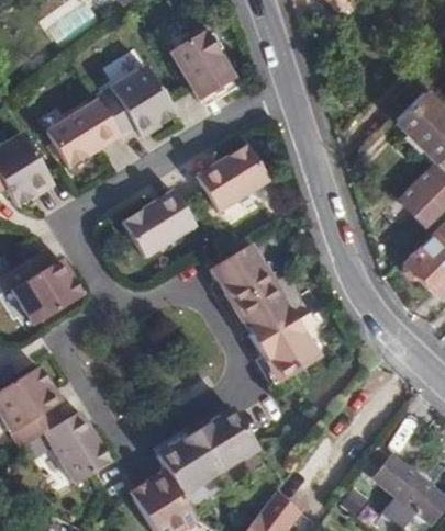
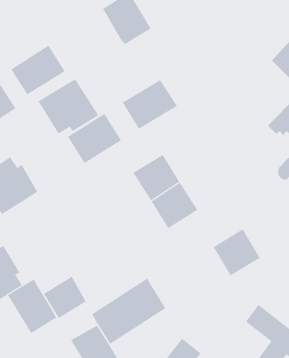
building: [97,64,179,138] -> [38,78,99,134]
building: [258,318,322,382] -> [213,228,261,276]
building: none -> [43,276,86,319]

